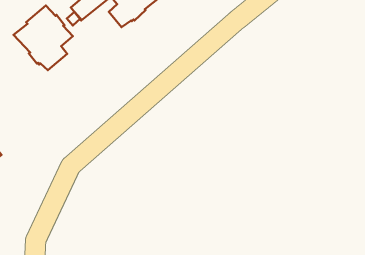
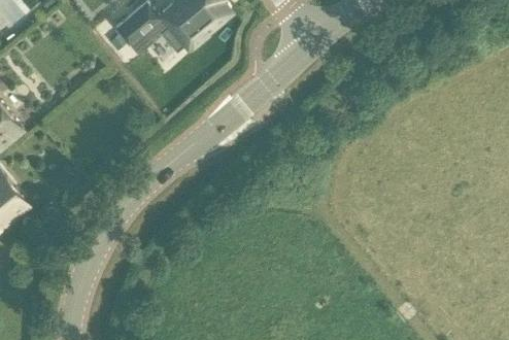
building: [13,6,73,70] -> none

